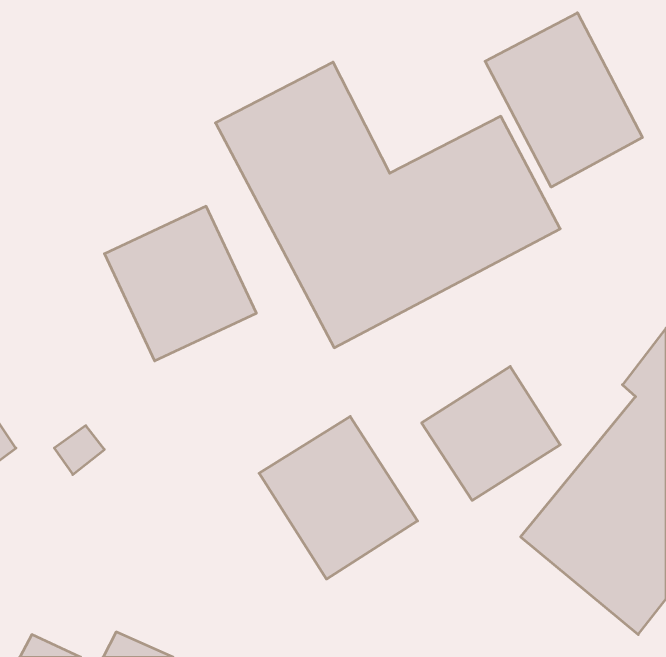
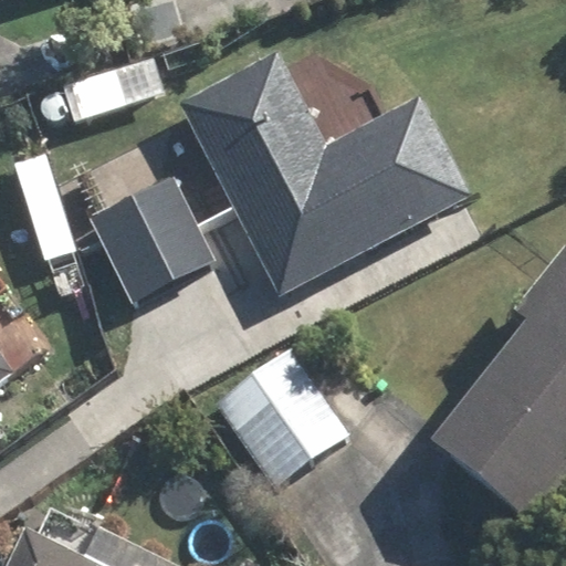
building: [485,13,642,187] -> none
building: [422,366,560,500] -> none

